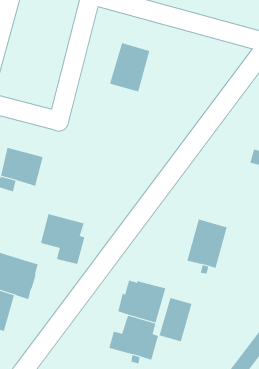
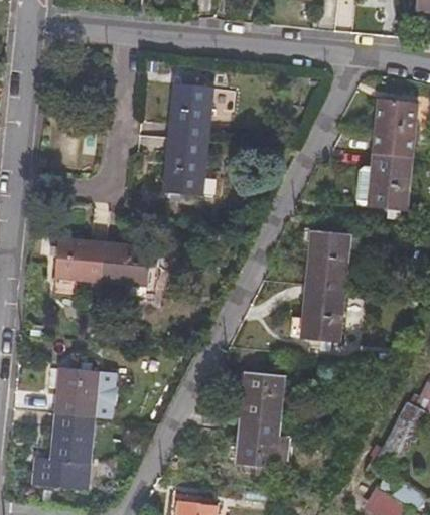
building: none -> [163,136,206,194]
building: none -> [307,229,350,288]
building: [40,214,85,265] -> [100,240,154,297]
building: [159,297,192,342] -> none

